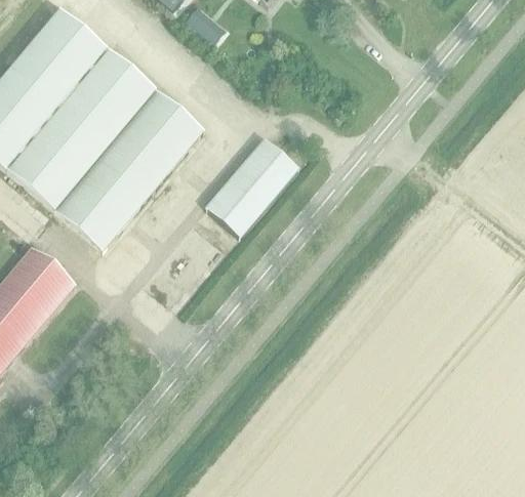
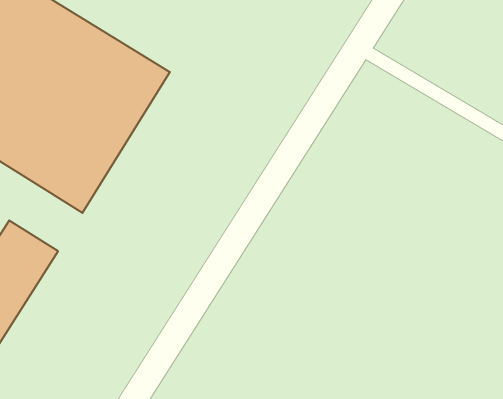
building: [207,136,298,234] -> none

